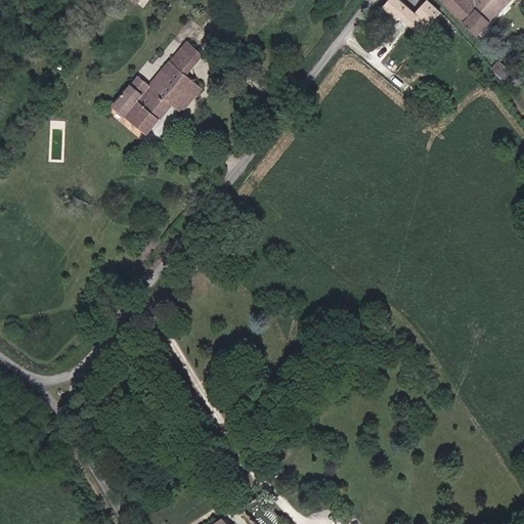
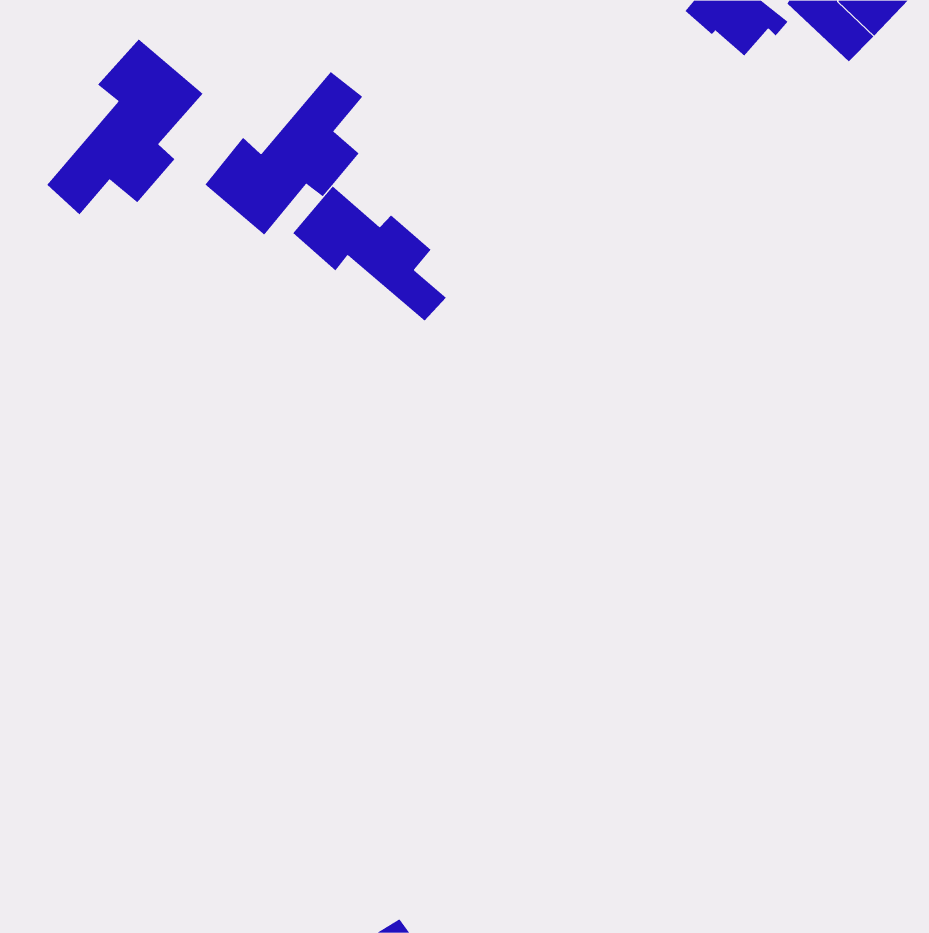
building: none -> [47,38,203,215]
building: none -> [293,186,447,321]

